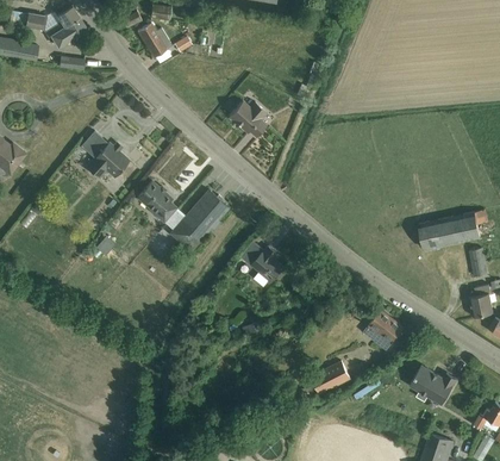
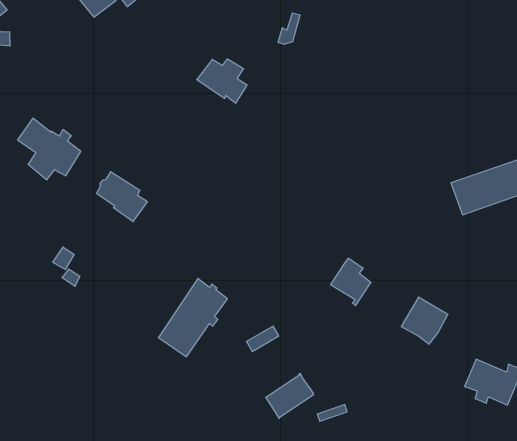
building: [170,188,229,249] -> [158,278,227,357]
building: [250,245,282,284] -> [331,258,371,306]
building: [311,360,349,393] -> [266,374,314,419]

